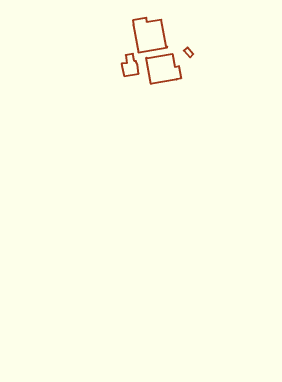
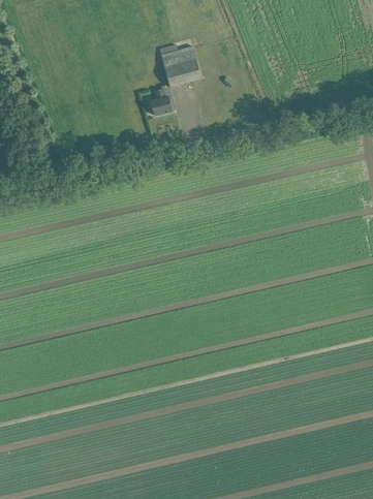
building: [146,54,181,84] -> none

